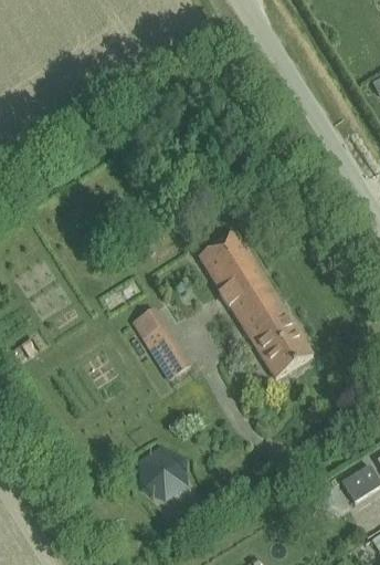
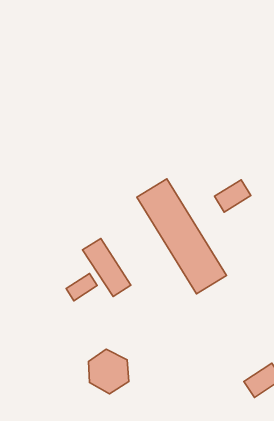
building: none -> [214,180,251,212]
building: none -> [66,273,97,301]

